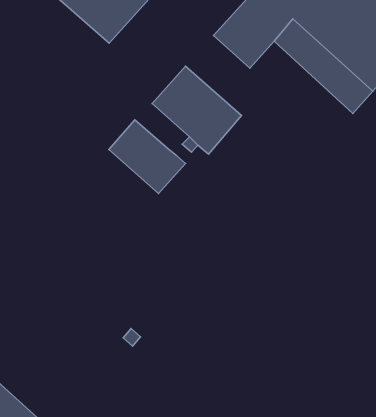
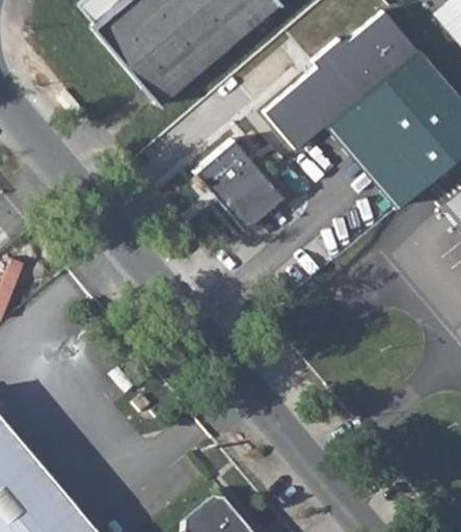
building: [109,120,185,193] -> none

